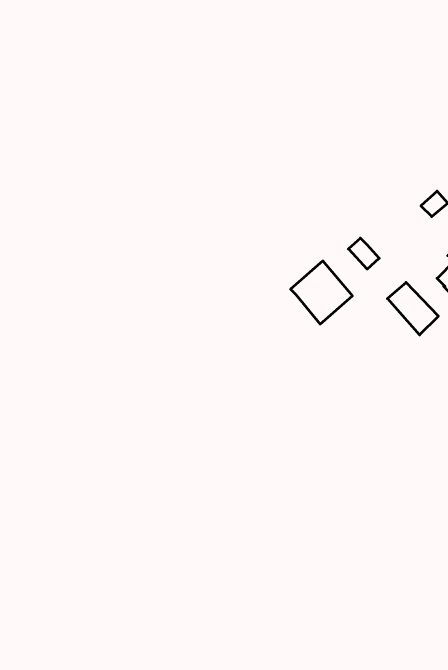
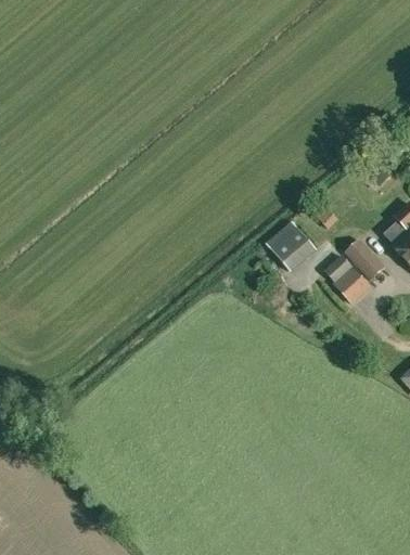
building: none -> [323,254,371,305]

